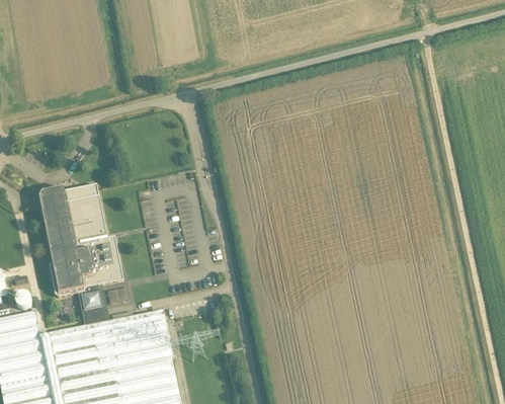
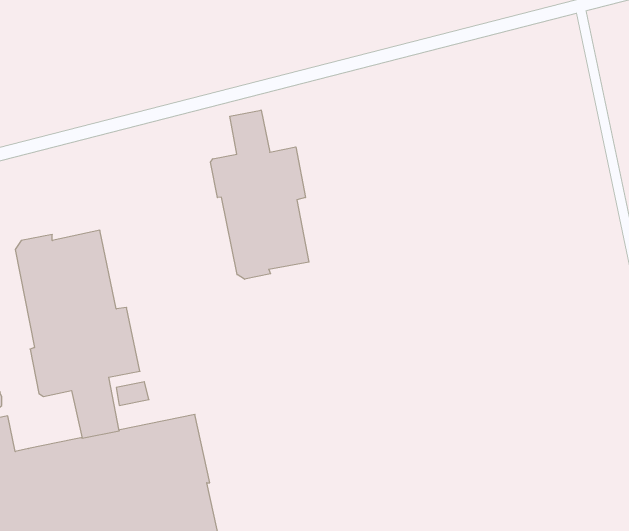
building: none -> [210,110,309,279]

